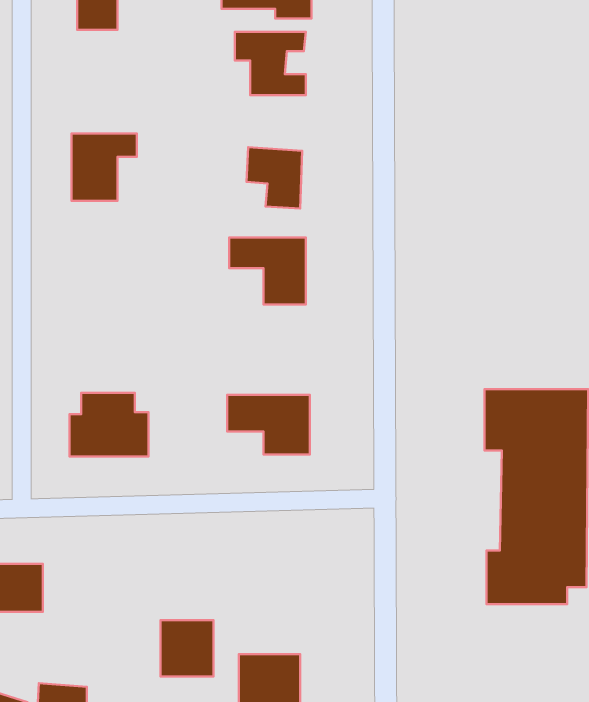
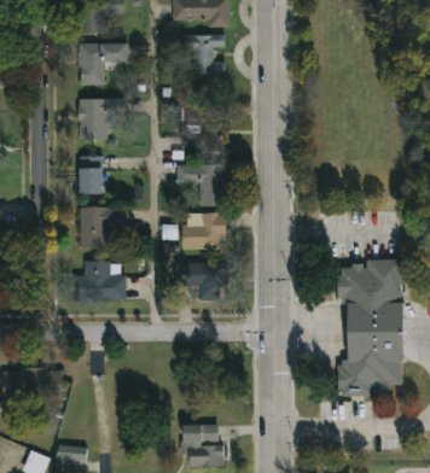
building: none -> [79,43,126,84]
building: none -> [79,159,101,194]
building: none -> [80,208,126,249]
building: none -> [181,214,225,250]
building: [161,620,213,676] -> none

